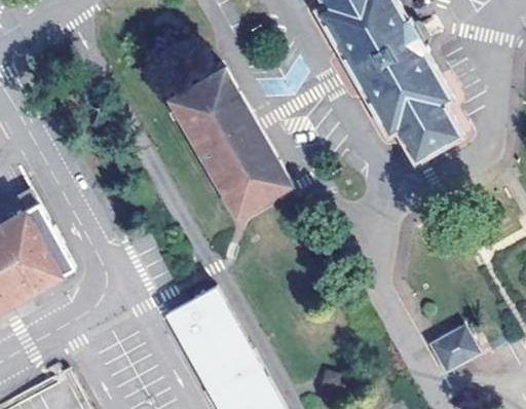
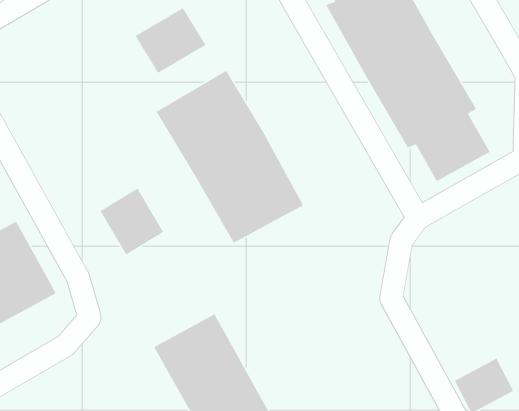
building: none -> [134,7,206,74]
building: none -> [100,187,164,255]

